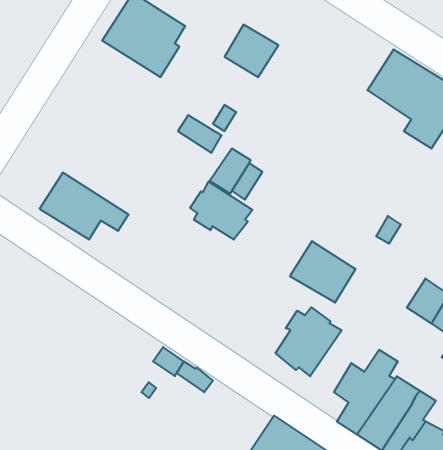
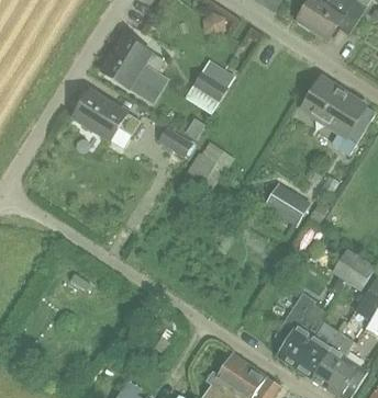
building: [40,172,129,239] -> [74,89,141,139]
building: [190,181,252,240] -> none
building: [290,241,356,303] -> [263,180,312,226]
building: [276,307,342,376] -> none

